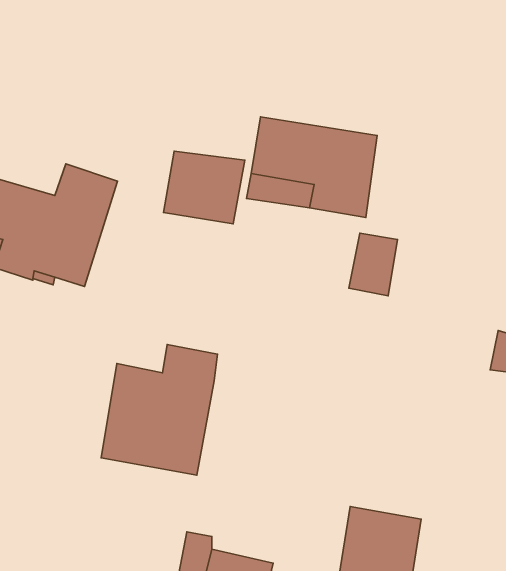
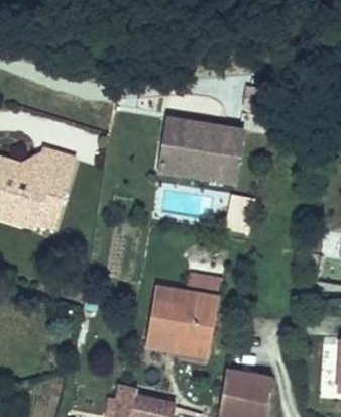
building: [163,151,245,224] -> none
building: [101,345,217,475] -> [146,274,221,357]

